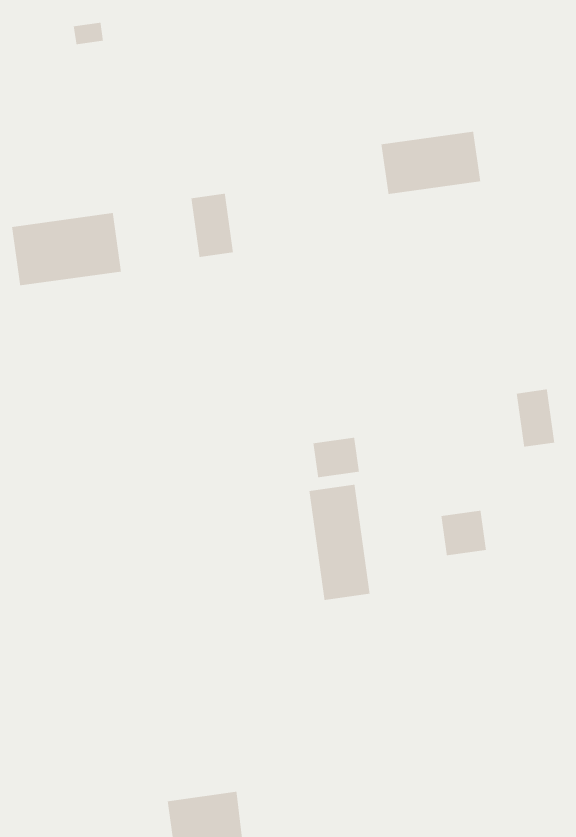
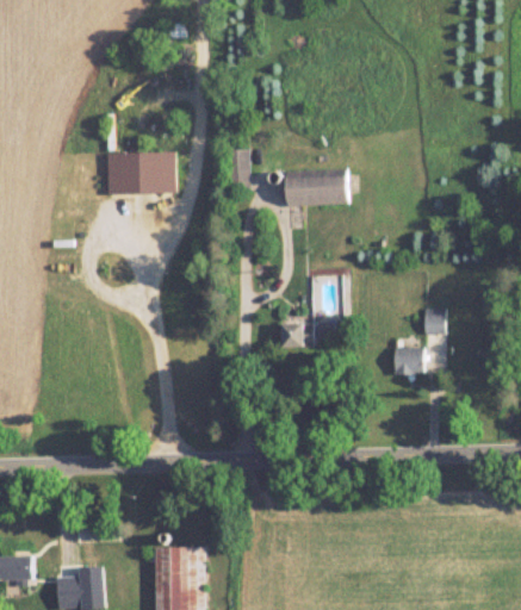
building: [381,131,481,195] -> [286,170,349,205]
building: [309,484,371,601] -> none
building: [441,510,487,556] -> [396,347,423,374]

